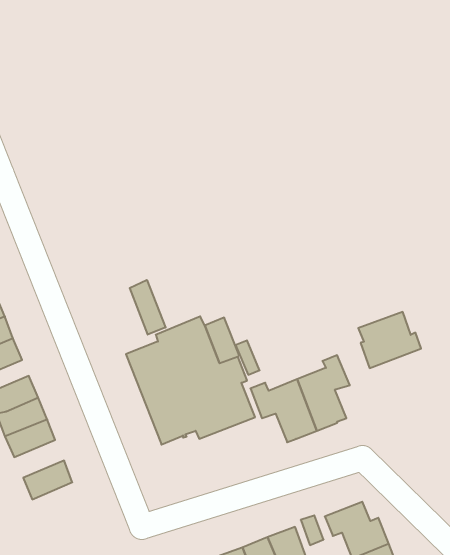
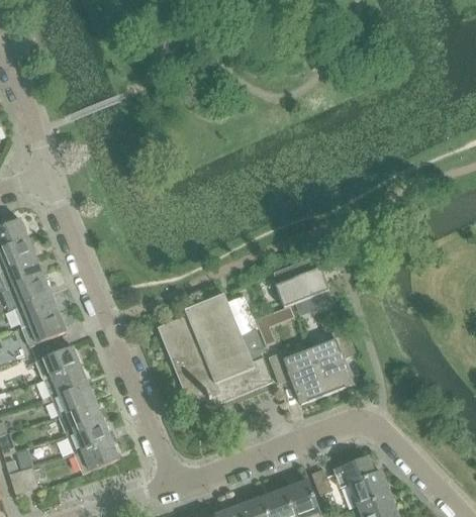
building: [130,280,166,335] -> none
building: [358,312,421,368] -> [273,258,328,308]
building: none -> [59,403,103,436]
building: none -> [75,440,118,475]

